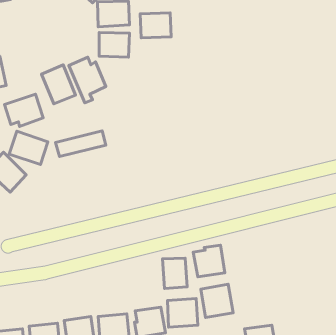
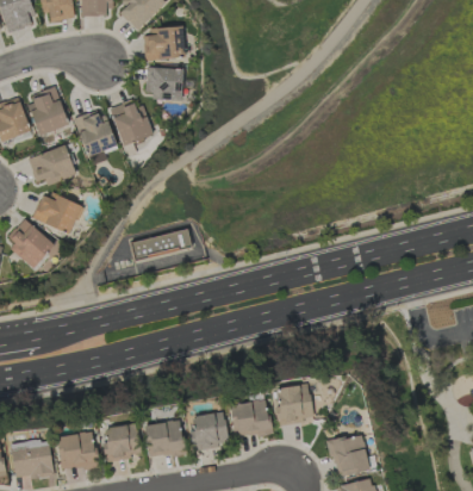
building: [140,13,171,38] -> none
building: none -> [27,87,69,136]
building: [56,131,106,157] -> [129,229,192,261]
building: [193,245,225,277] -> none
building: [163,258,187,288] -> none

